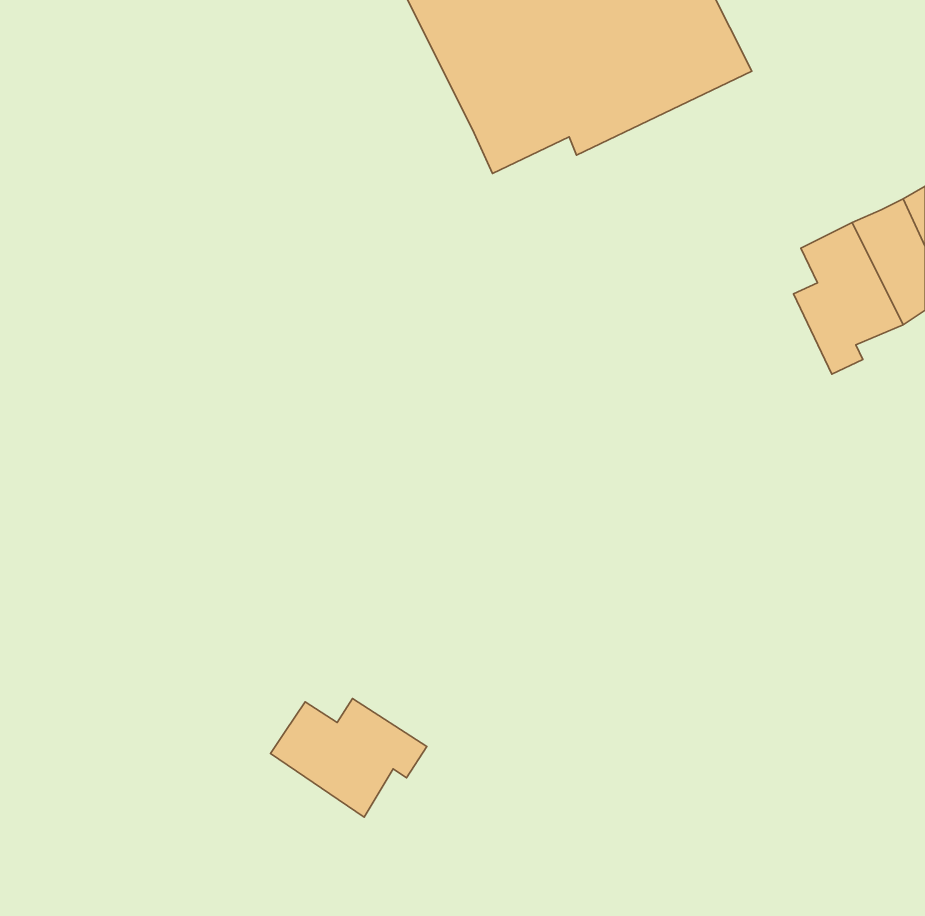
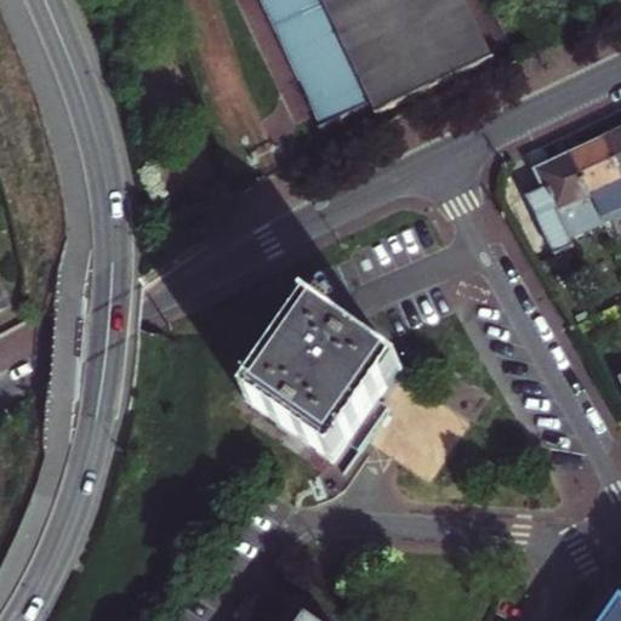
building: none -> [241,303,393,457]
building: [270,698,427,817] -> none

